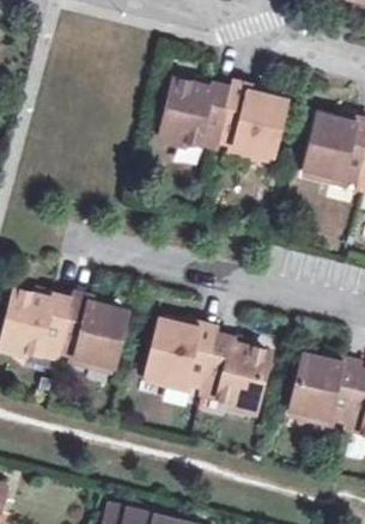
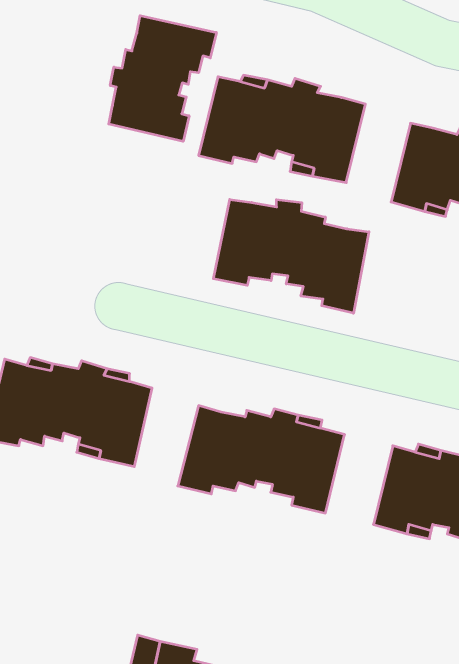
building: none -> [109,16,216,141]
building: none -> [213,199,369,313]

